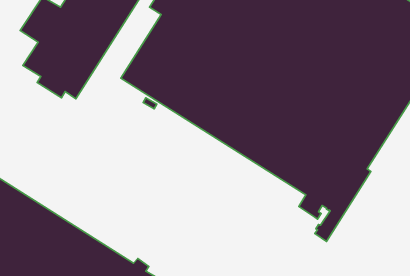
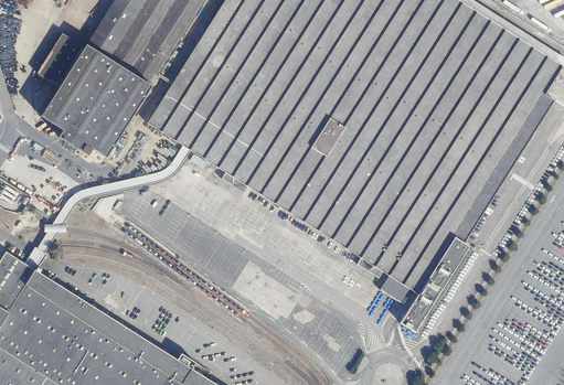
building: none -> [147,43,211,130]

